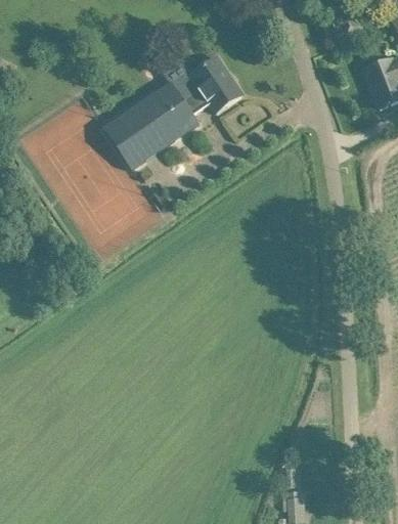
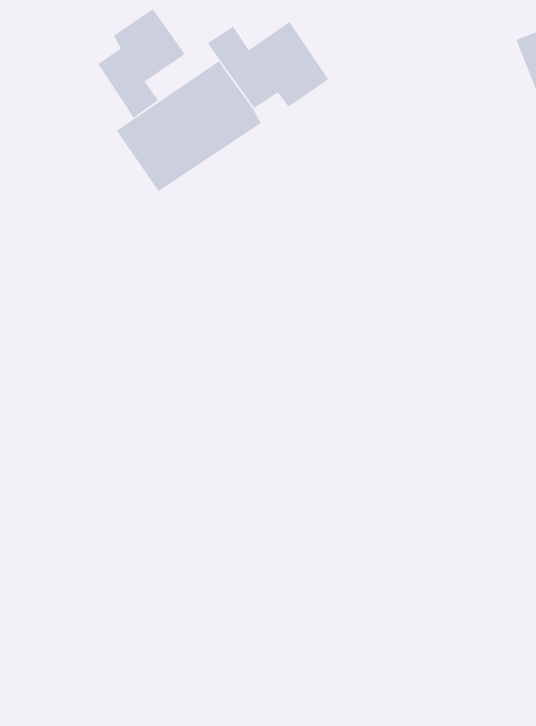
building: none -> [97,8,186,119]

